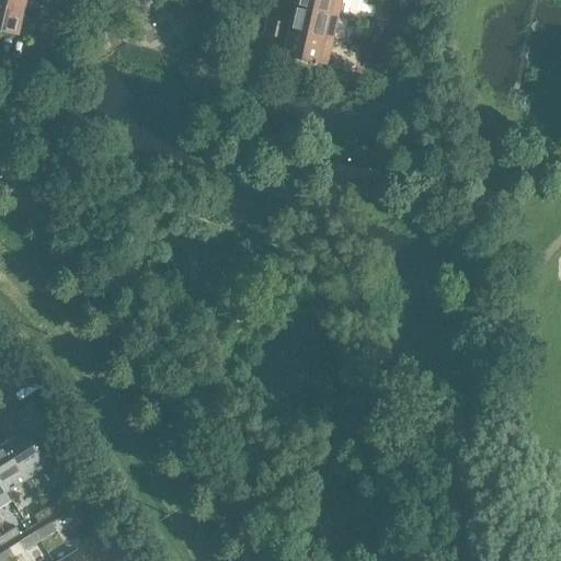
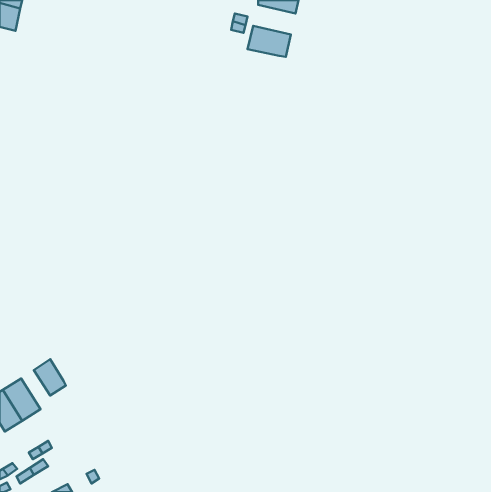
building: [288,5,336,39] -> none
building: none -> [34,359,66,396]

